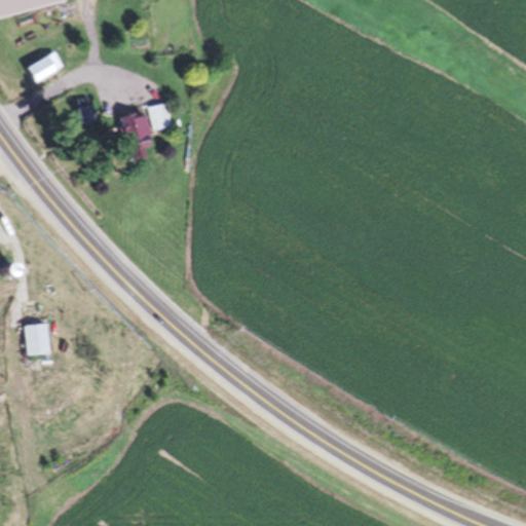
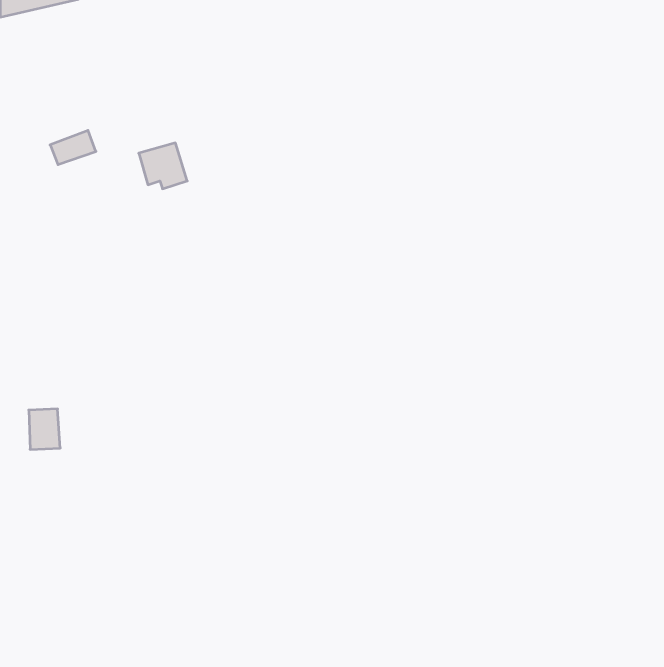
building: [27,50,63,77] -> [50,130,96,165]
building: [149,100,174,128] -> none

